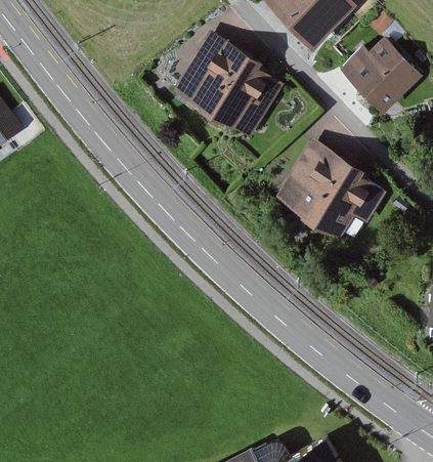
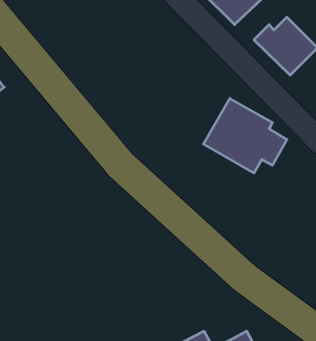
building: [171,30,282,136] -> none

